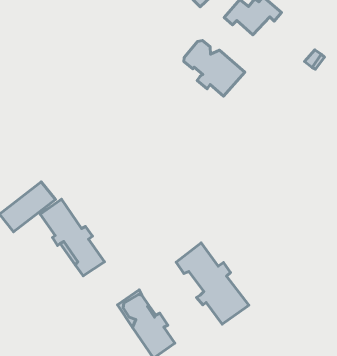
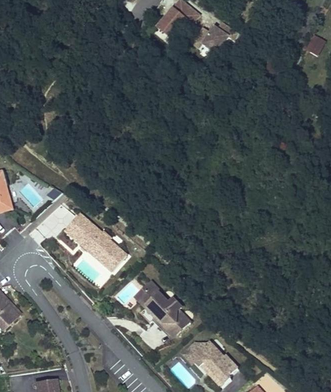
building: [184,41,245,96] -> none
building: [176,243,249,324] -> none

